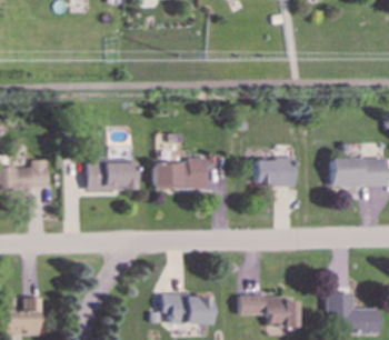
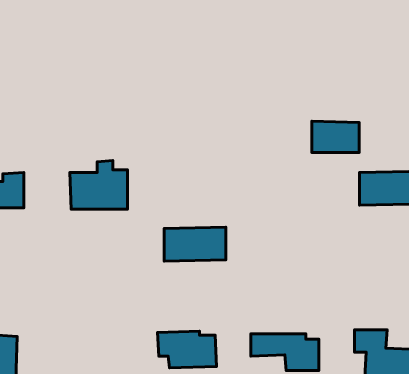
building: [255,158,295,184] -> [312,121,359,153]
building: [153,160,206,189] -> [164,227,226,261]

